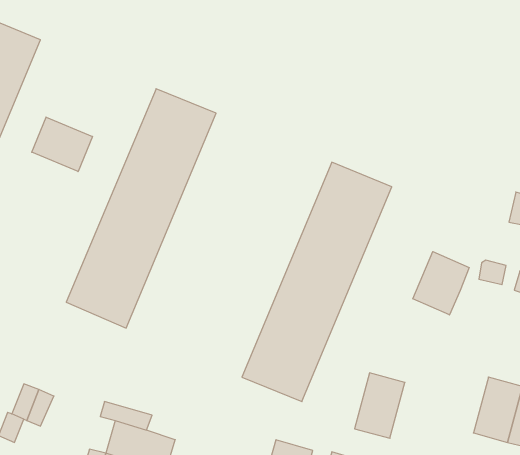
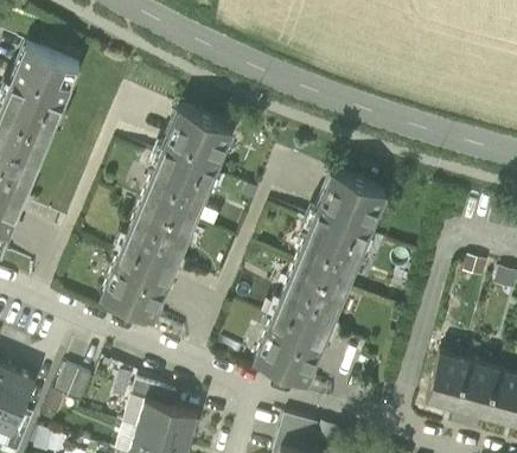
building: [32,117,92,172] -> none
building: [413,252,469,315] -> none
building: [355,373,405,438] -> [427,350,471,407]

